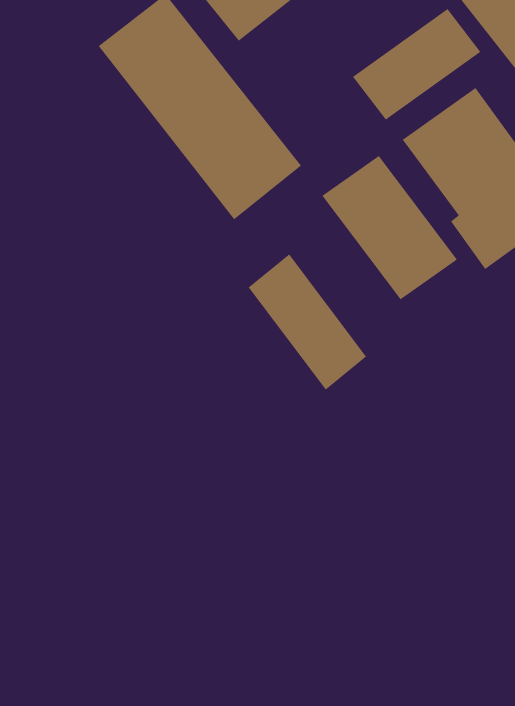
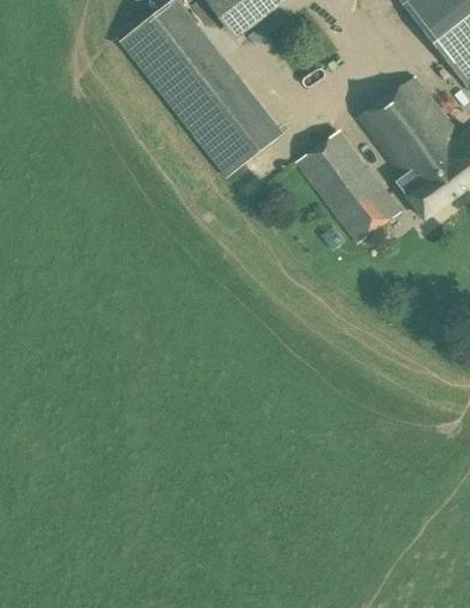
building: [352,8,481,120] -> none
building: [248,254,367,390] -> none

